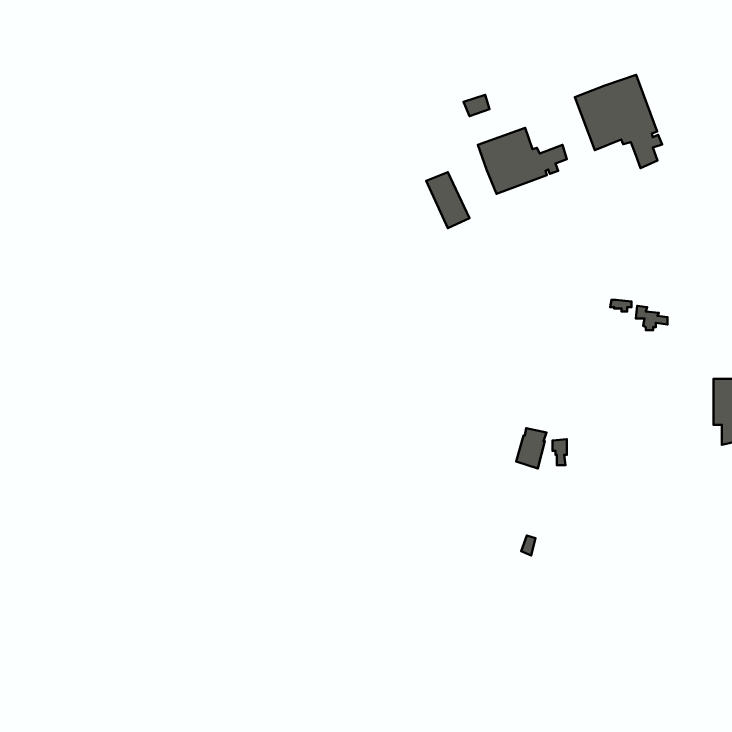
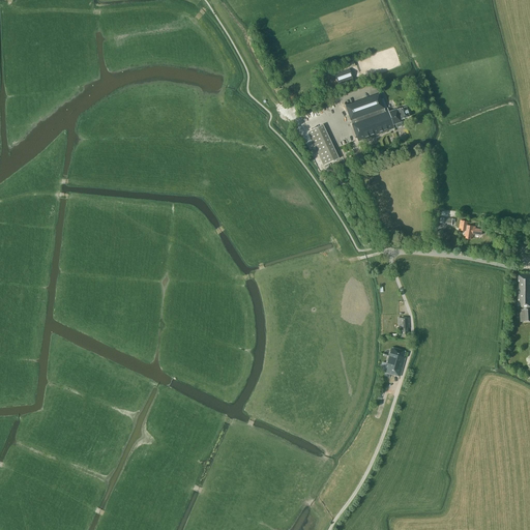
building: [575,75,662,168] -> none
building: [516,428,546,469] -> [385,347,407,376]

